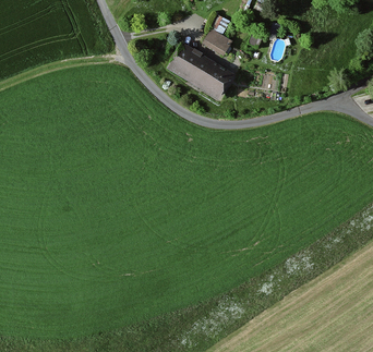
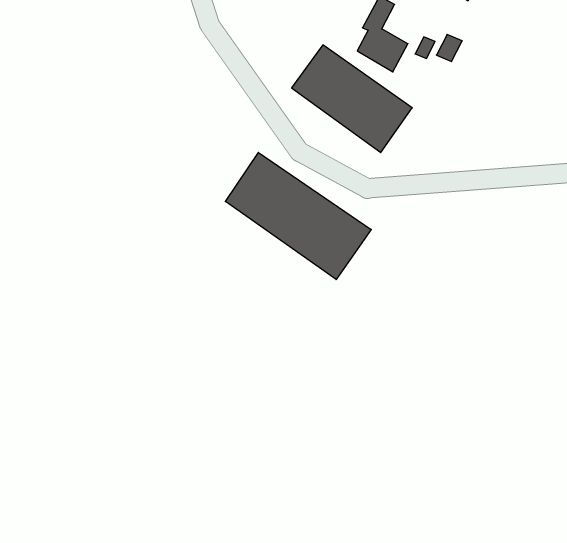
building: none -> [225,152,371,280]

